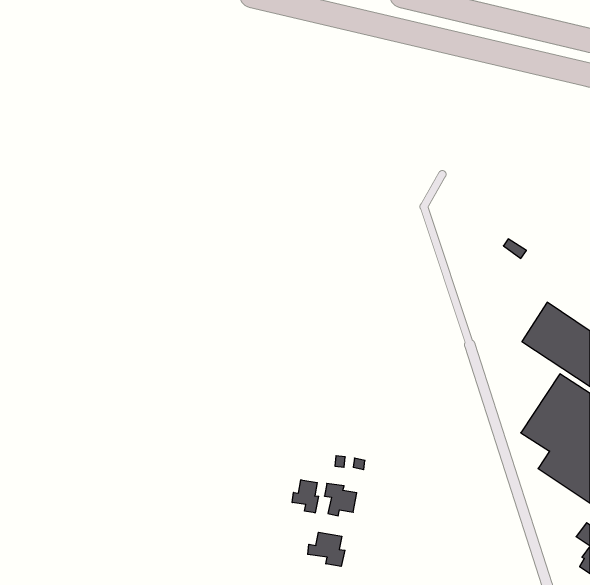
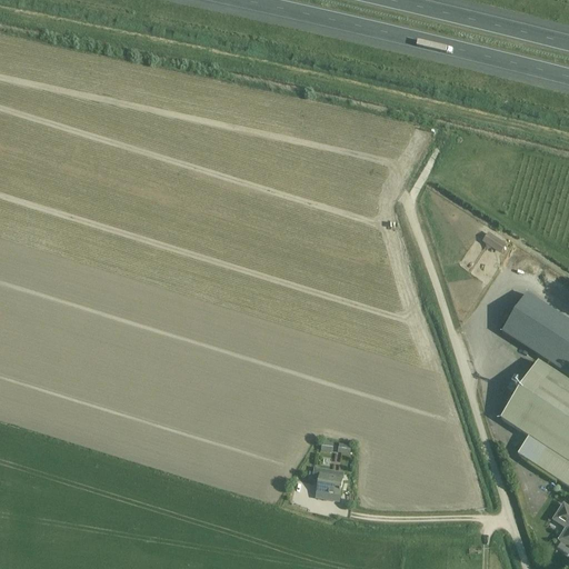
building: [292,480,319,513] -> none
building: [308,532,345,566] -> none

